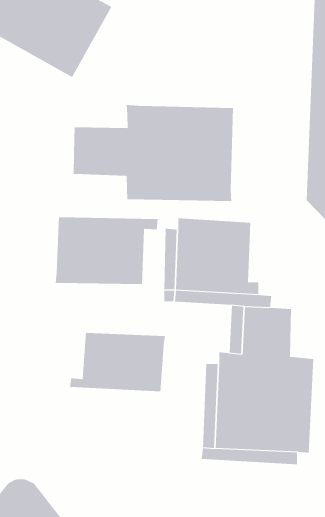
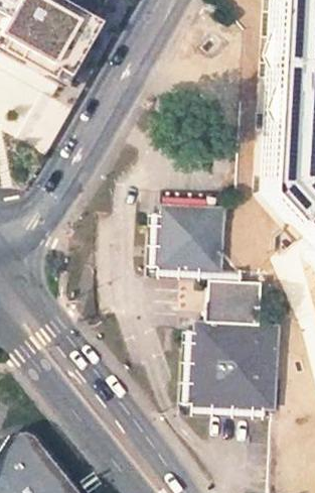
building: [73,104,233,202] -> none
building: [55,216,158,285] -> none
building: [70,332,165,392] -> none

